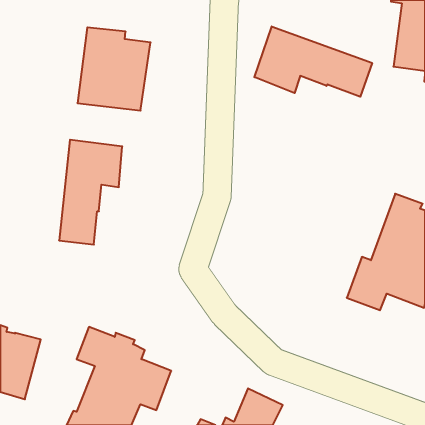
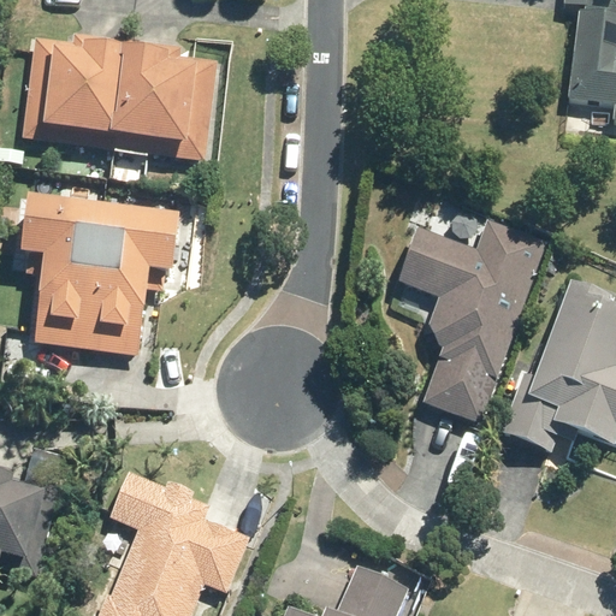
building: none -> [22,32,126,149]
building: [254,26,372,97] -> none
building: none -> [18,192,101,348]
building: none -> [399,220,550,425]

